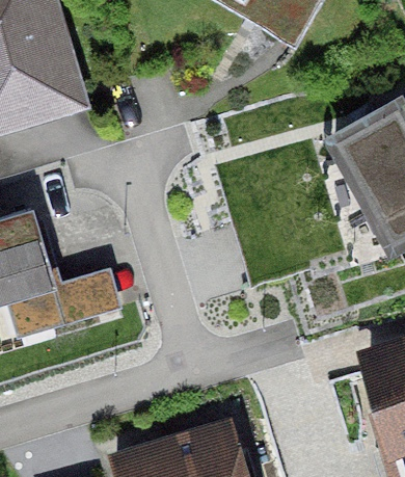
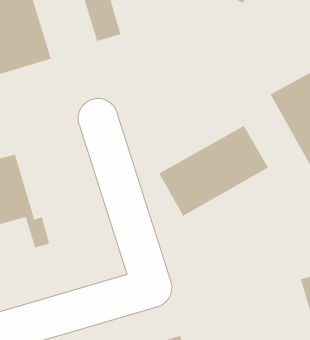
building: none -> [158,125,269,217]

